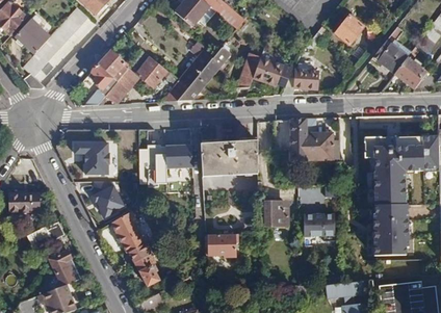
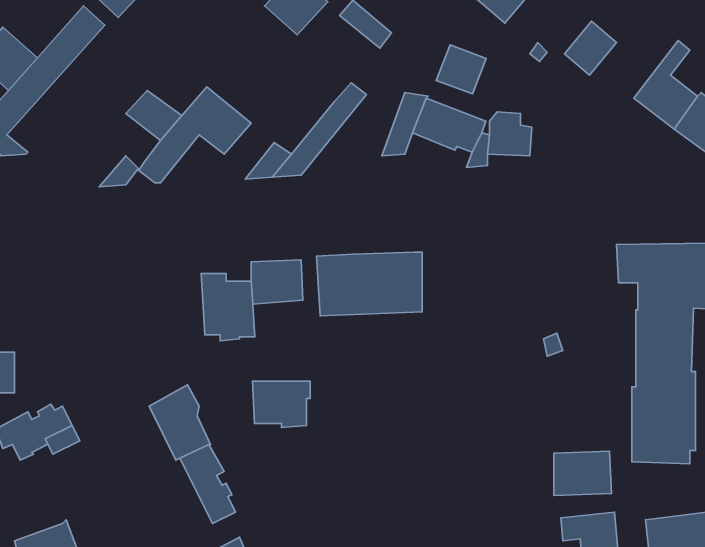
building: none -> [436,45,486,94]
building: [179,40,211,87] -> none
building: [87,66,118,93] -> none
building: [287,118,332,157] -> none
building: [73,144,108,175] -> none
building: [90,182,123,217] -> none
building: [266,200,291,225] -> none
building: [304,205,335,229] -> [554,451,611,496]
building: [209,234,240,259] -> [253,381,310,427]
building: [53,251,82,287] -> none

